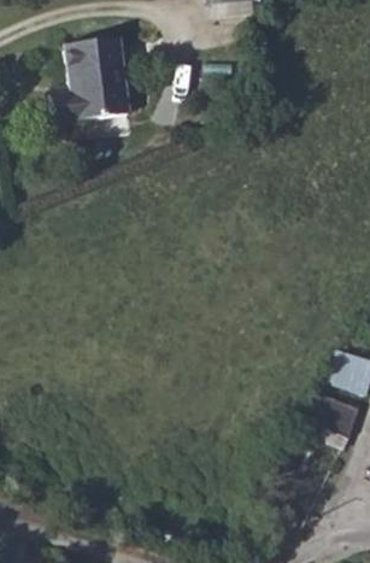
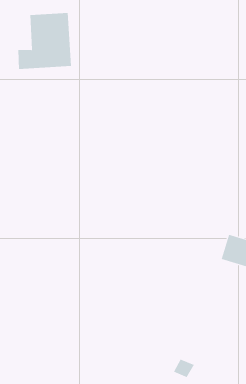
building: [312,393,359,438] -> none

